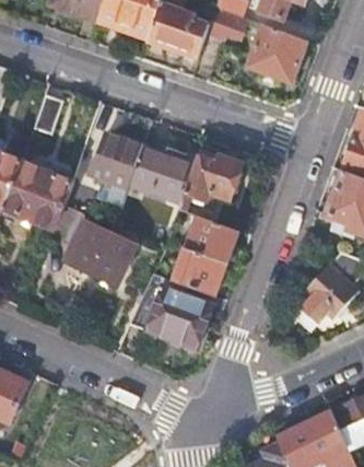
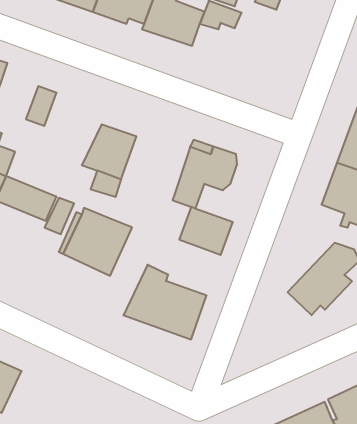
building: [247,24,307,83] -> none
building: [128,145,193,202] -> none
building: [12,161,71,206] -> none
building: [174,248,226,296] -> none

